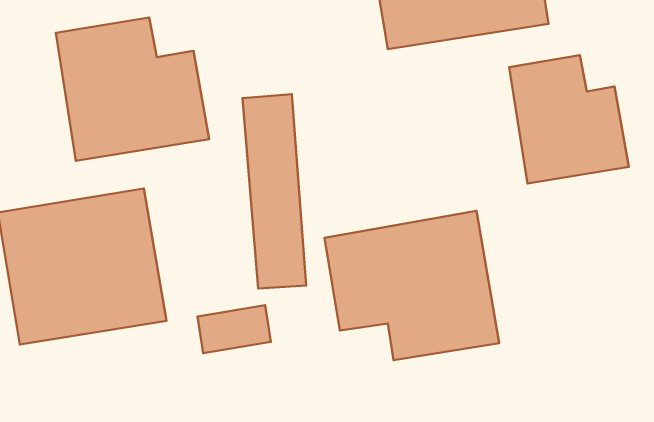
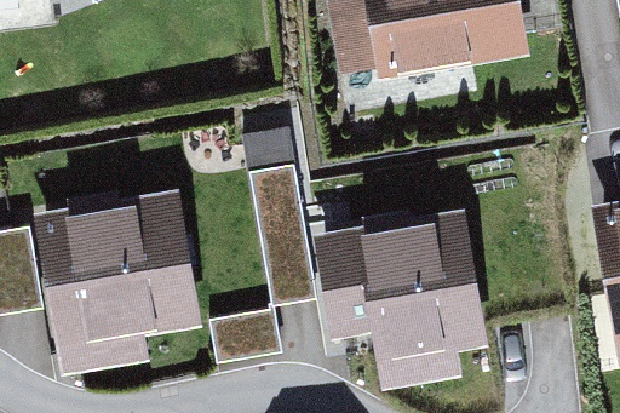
building: [56,17,209,161] -> none
building: [509,55,629,184] -> none

